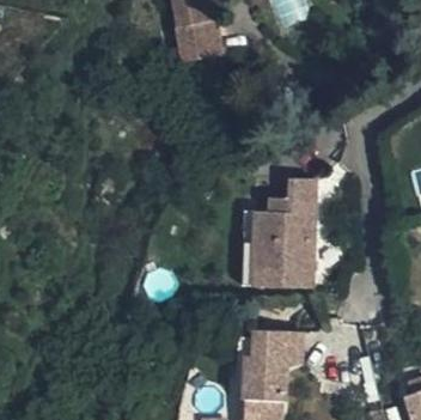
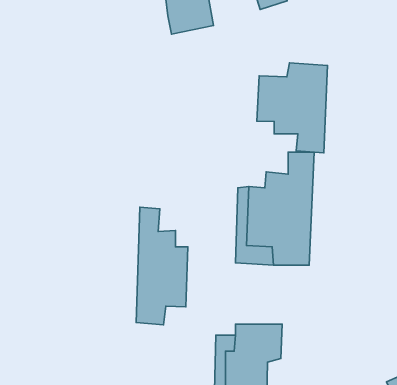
building: none -> [257,63,328,153]
building: none -> [136,207,188,325]

